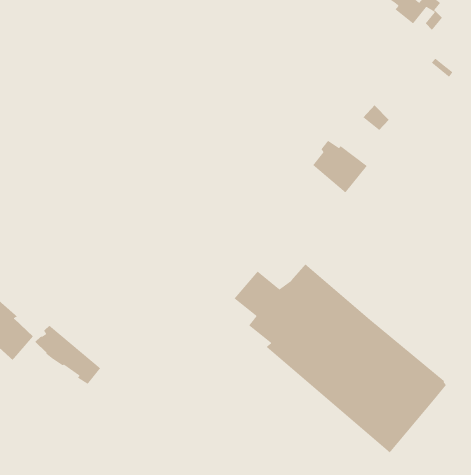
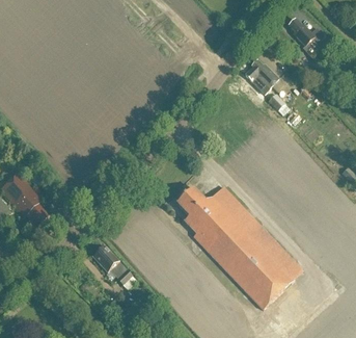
building: [312,140,368,194] -> [245,59,279,94]
building: [34,325,101,385] -> [92,244,132,284]

